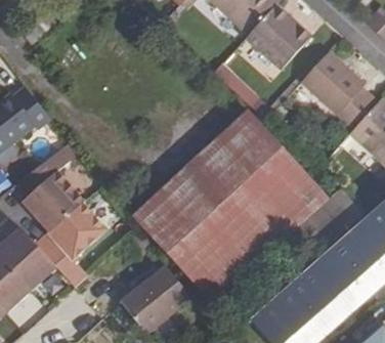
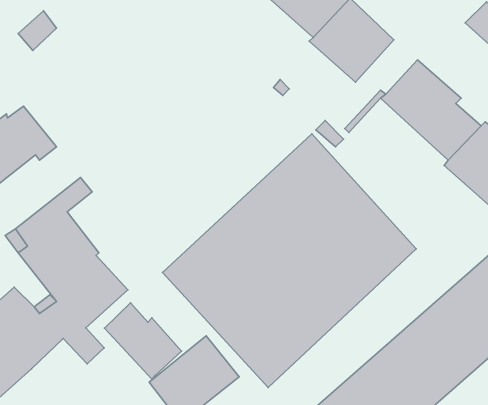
building: none -> [104,303,181,380]

